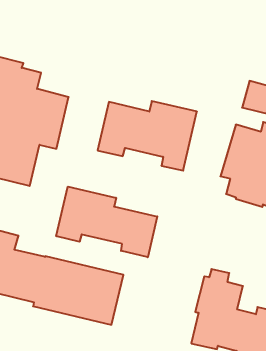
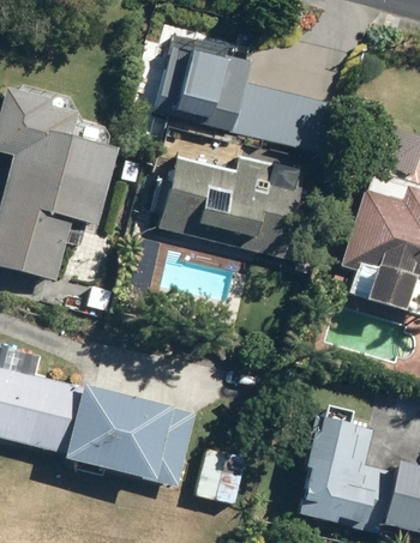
building: none -> [161,34,335,144]
building: [56,187,157,257] -> none

